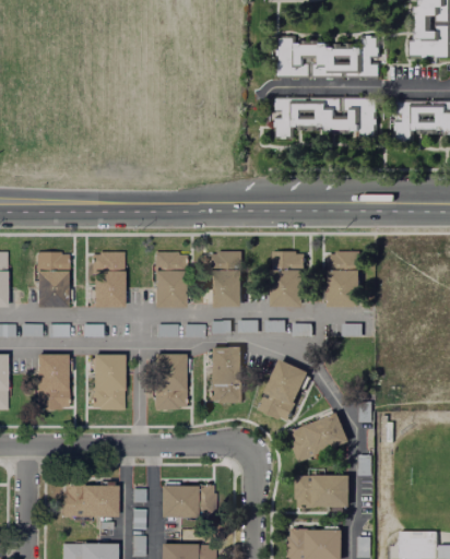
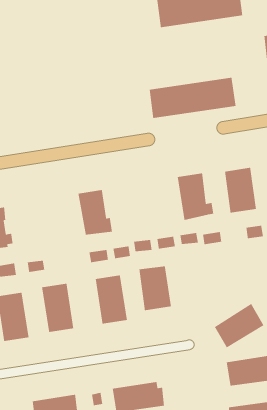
building: [277,100,377,136] -> [149,77,237,119]
building: [94,252,125,304] -> none
building: [211,253,241,304] -> none
building: [258,358,309,423] -> none

